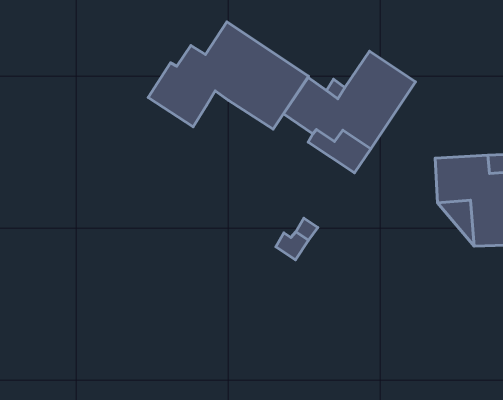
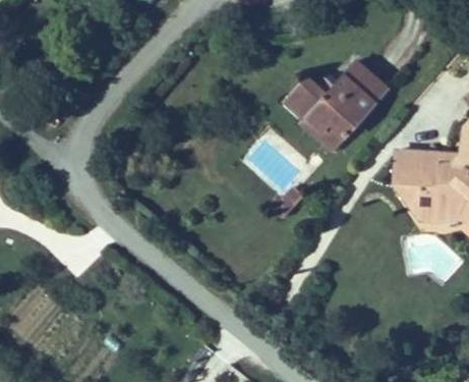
building: [148,22,308,129] -> none

